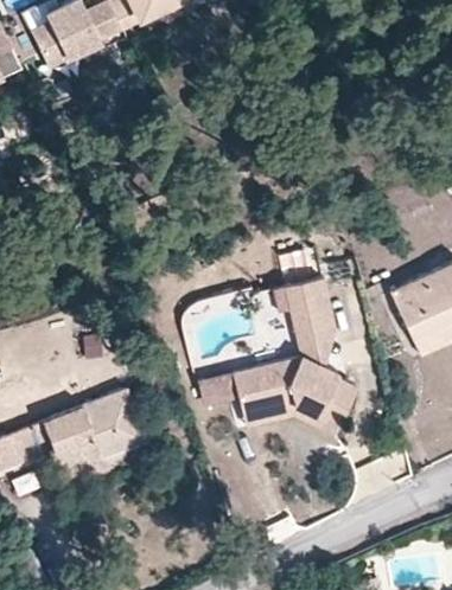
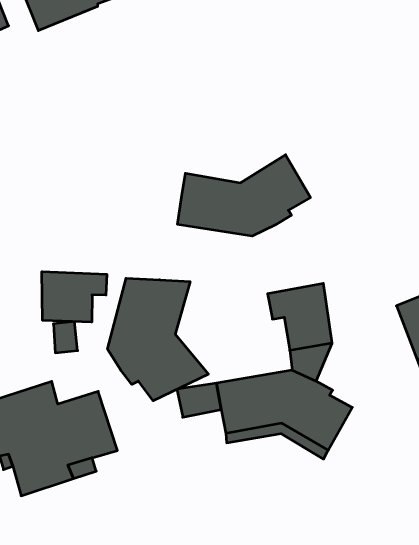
building: none -> [178,155,310,236]
building: none -> [42,272,107,322]
building: none -> [108,278,208,401]

